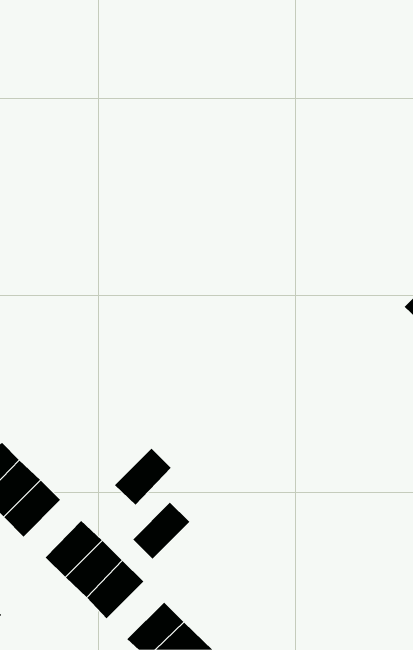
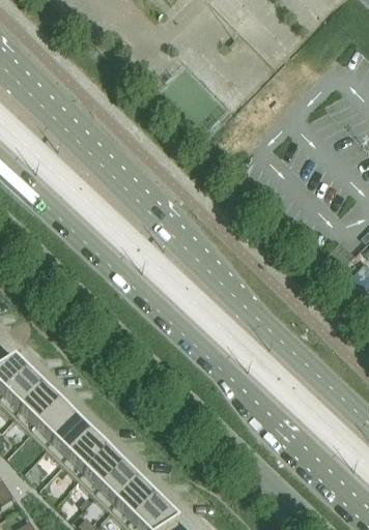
building: [114,448,172,505] -> [30,398,75,442]
building: [132,502,190,559] -> [94,461,139,505]

